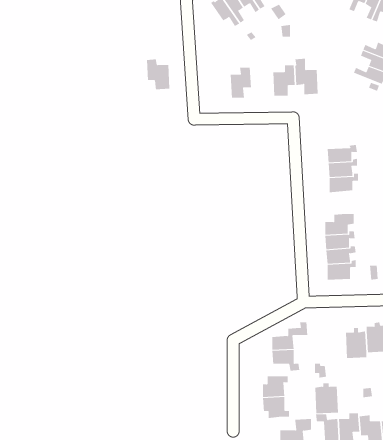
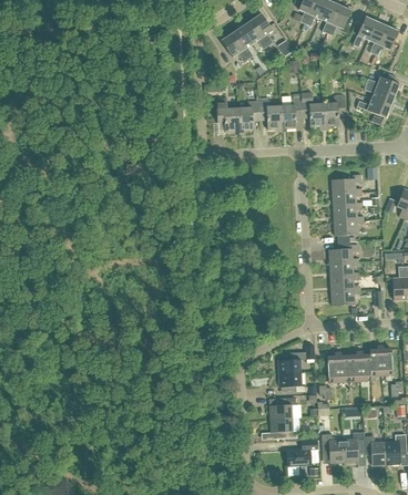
building: [146,59,170,90] -> [216,101,239,131]
building: none -> [323,95,345,125]
building: none -> [258,99,280,128]
building: none -> [334,216,363,241]
building: [314,383,339,414] -> [327,351,350,381]

